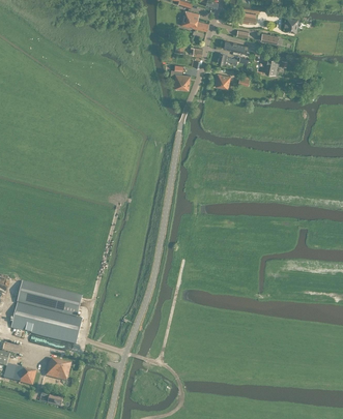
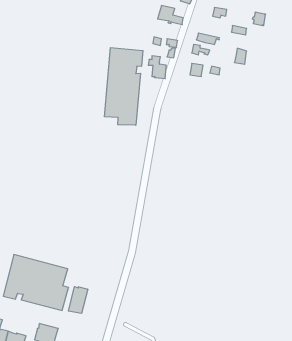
building: none -> [105,48,143,125]
building: none -> [68,287,88,313]

